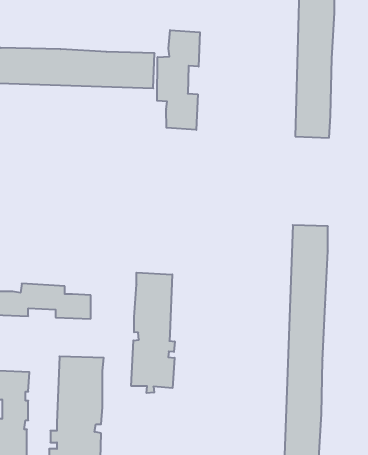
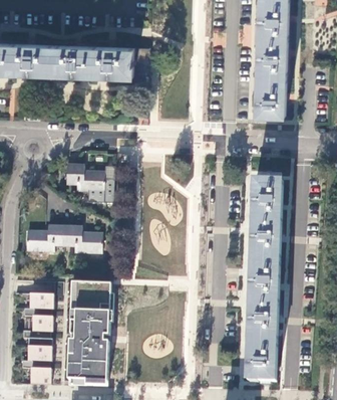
building: [157,30,200,130] -> none
building: none -> [66,165,104,192]
building: [131,273,175,393] -> none

